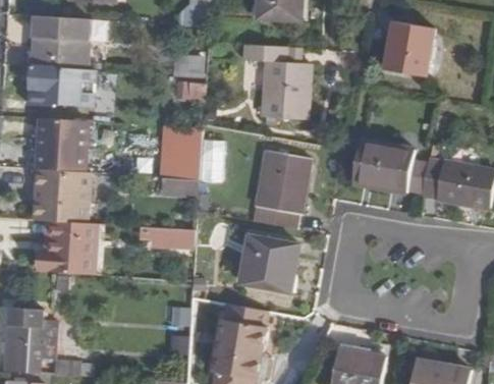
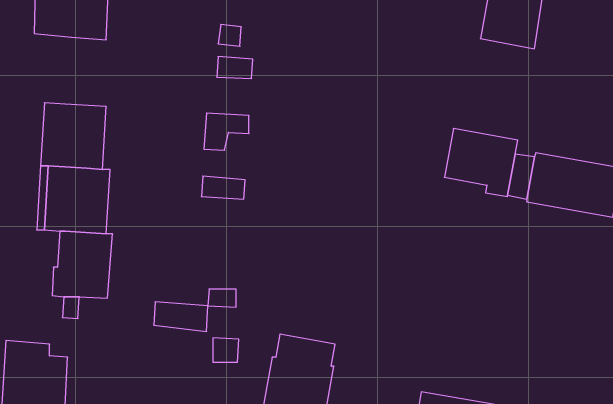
building: [241,45,310,119] -> none
building: [28,63,96,107] -> none
building: [160,142,201,179] -> none
building: [253,151,312,228] -> none
building: [152,226,195,250] -> [154,302,208,331]
building: [239,234,299,292] -> none

